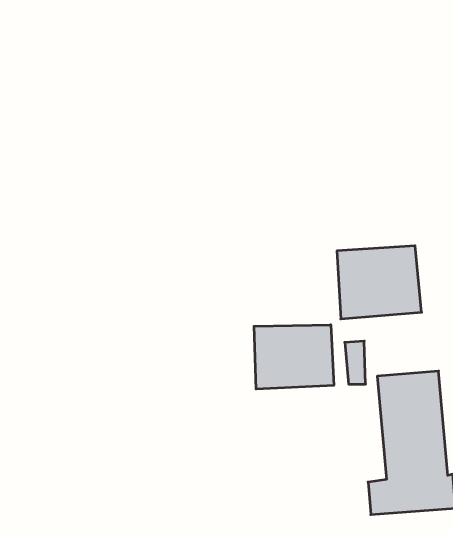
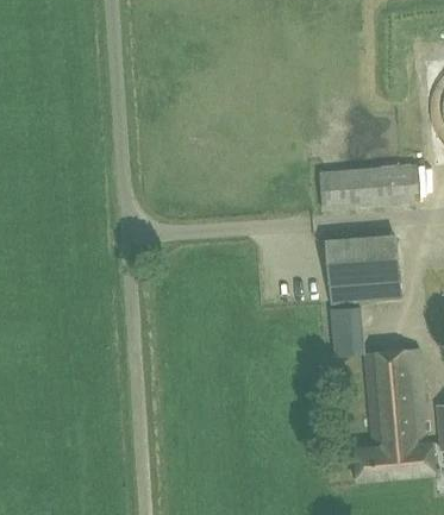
building: none -> [320,163,420,209]
building: [254,325,334,389] -> none

